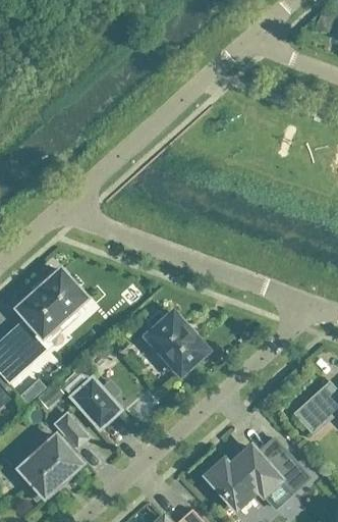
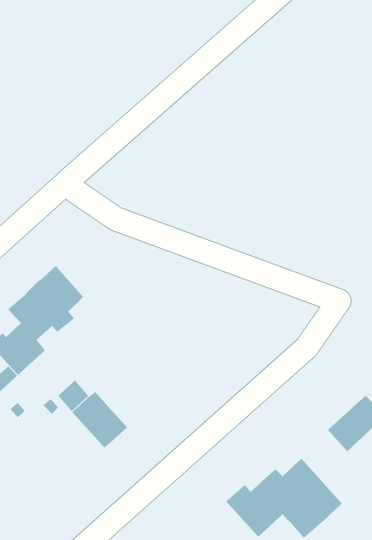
building: [147,311,207,373] -> none
building: [19,414,87,500] -> none

